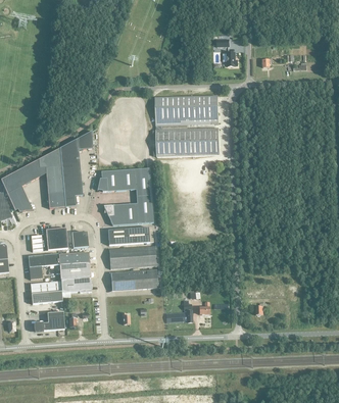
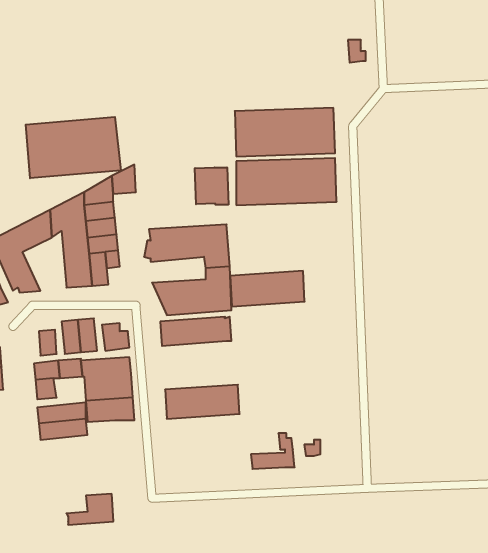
building: none -> [26,117,121,178]
building: none -> [195,167,228,205]
building: [109,245,156,267] -> [230,271,305,306]
building: [35,310,64,330] -> [66,494,113,525]

